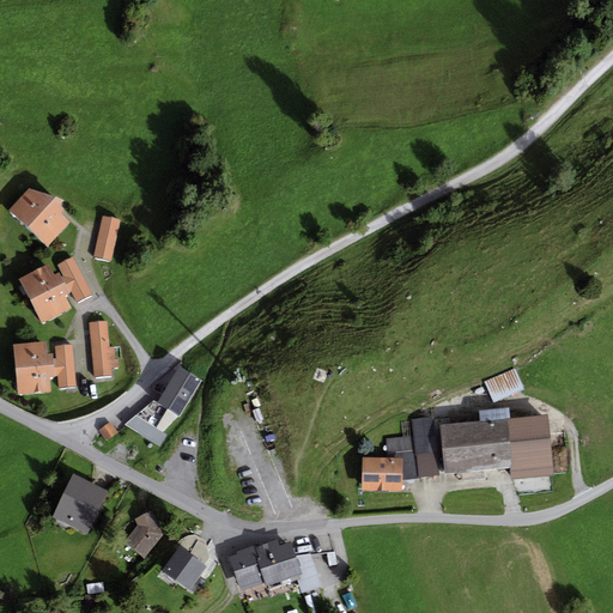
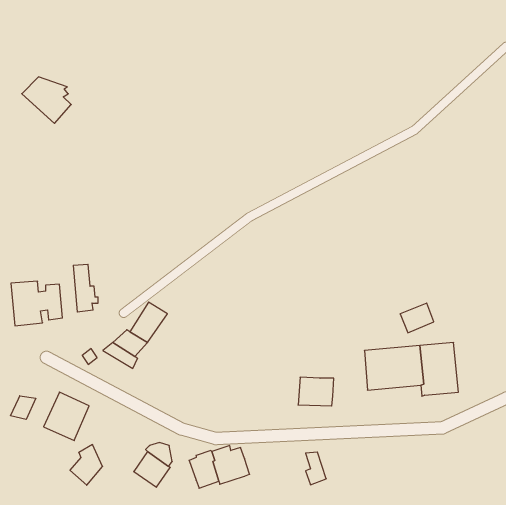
building: [8,188,68,244] -> [22,77,71,123]
building: [93,214,120,260] -> none
building: [19,256,93,323] -> none
building: [386,415,439,479] -> none
building: none -> [11,396,36,419]
building: [125,509,164,558] -> [70,445,103,485]
building: [296,553,321,593] -> [306,452,326,485]

